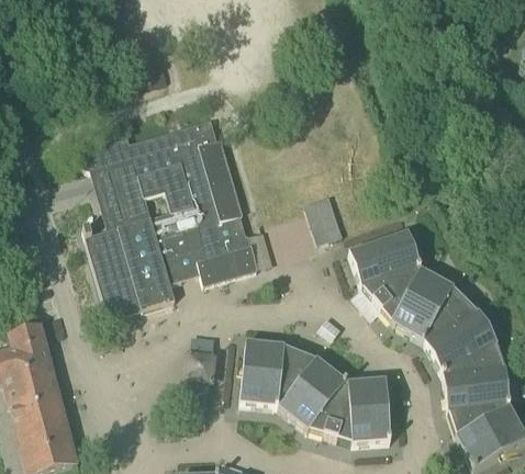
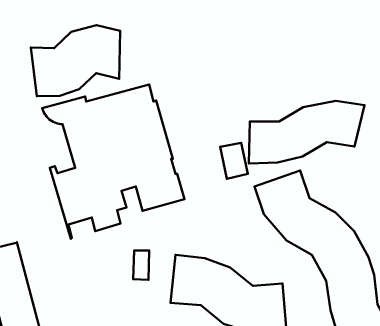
building: none -> [31,25,120,96]
building: none -> [249,101,365,163]

